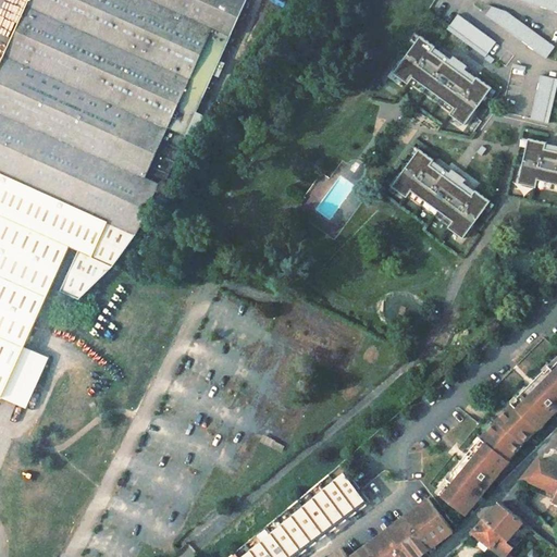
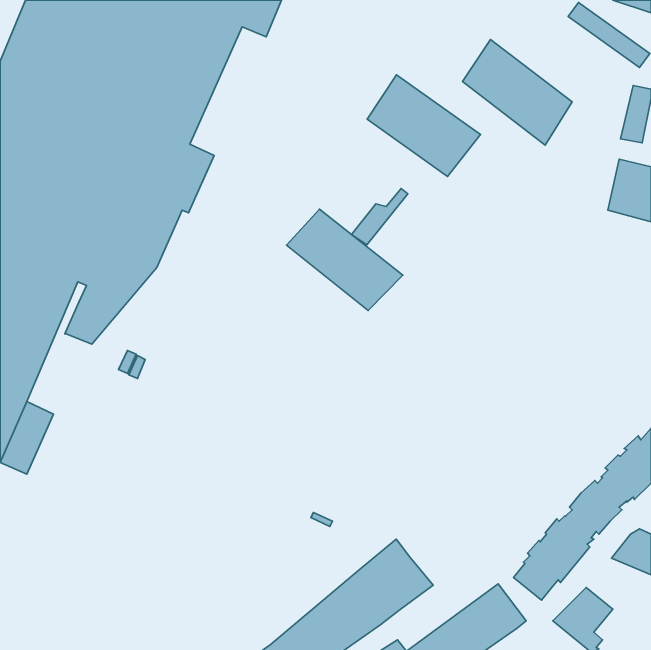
building: [447,14,497,58] -> none
building: [162,24,227,134] -> none
building: [394,149,491,236] -> [367,75,480,177]
building: none -> [286,209,403,311]

